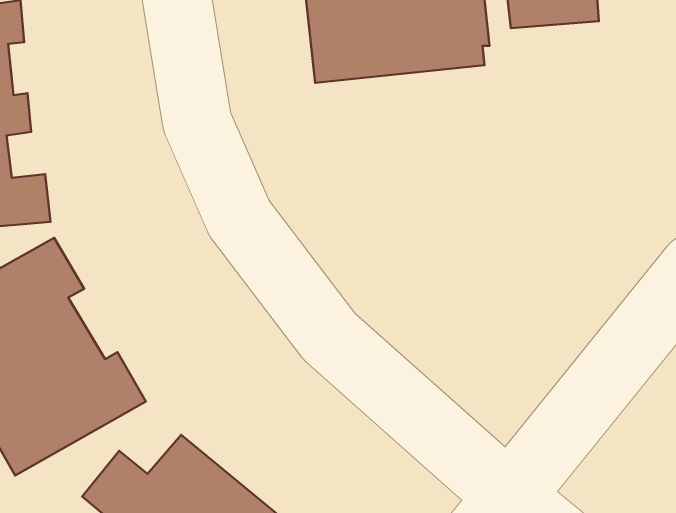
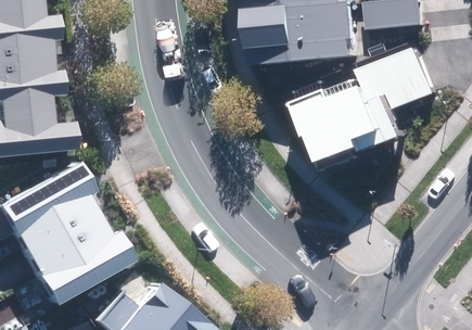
building: none -> [283,46,430,165]

